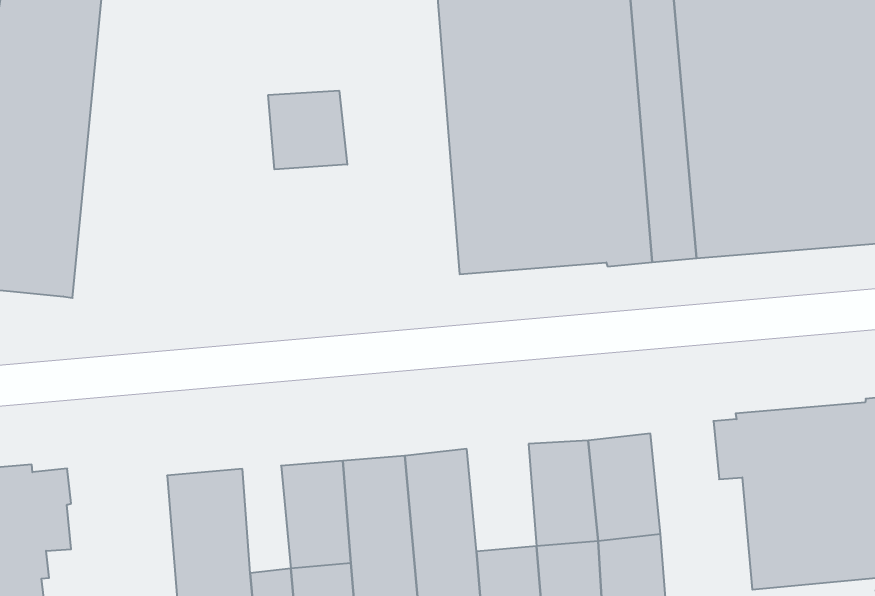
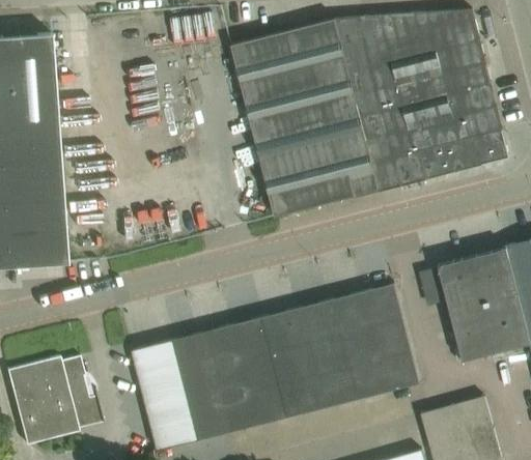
building: [268,91,347,169] -> none
building: none -> [295,301,341,365]
building: none -> [174,336,209,397]

